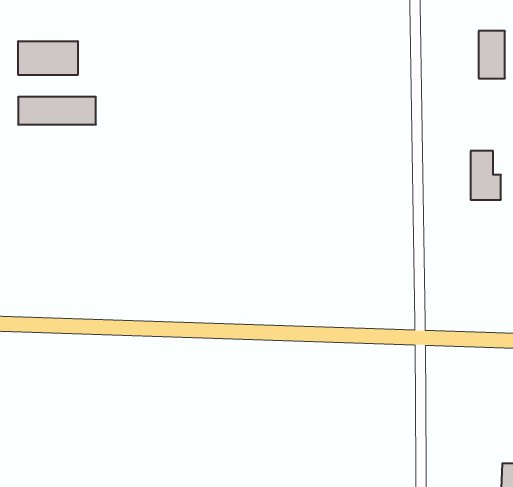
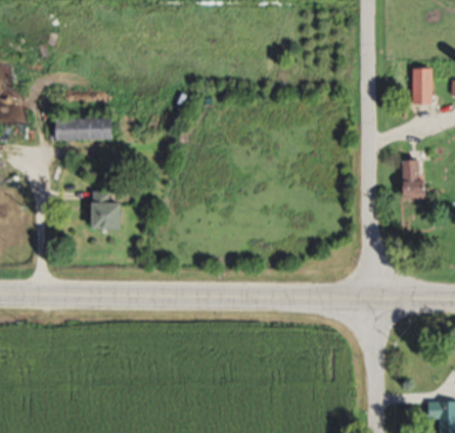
building: [18,41,78,75] -> none
building: none -> [91,192,123,229]

